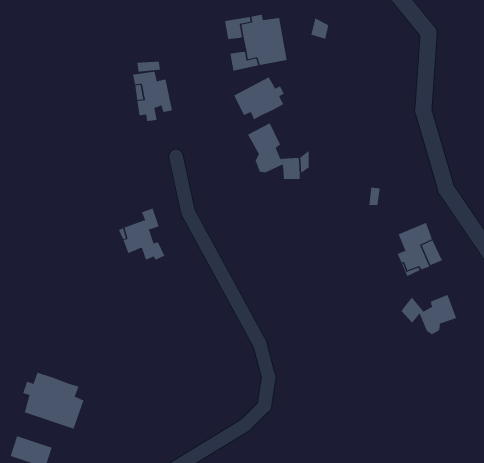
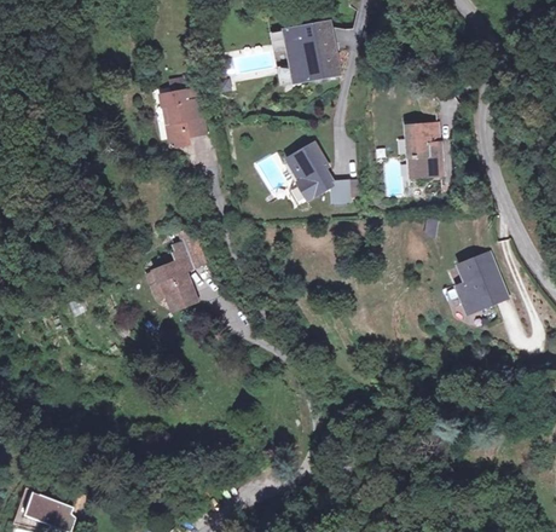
building: [233,76,285,120] -> none
building: none -> [407,125,440,177]
building: [401,294,457,335] -> none
building: [23,372,84,429] -> none

